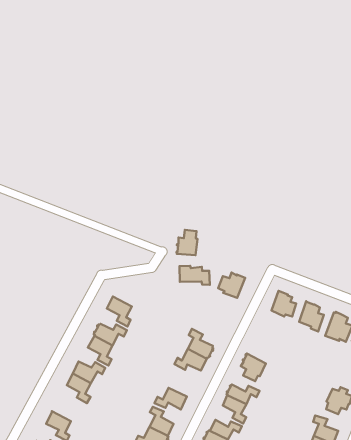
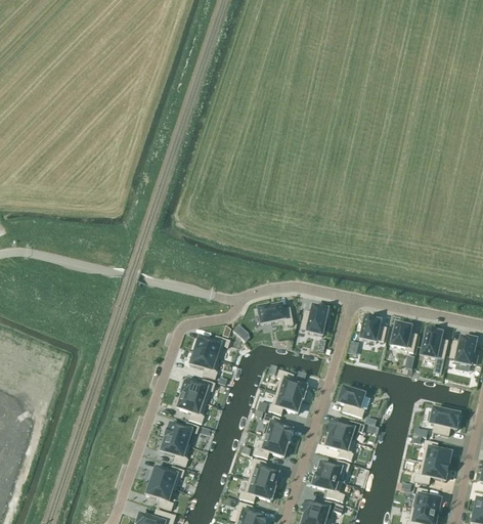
building: [176,230,197,255] -> none
building: none -> [193,335,227,357]
building: none -> [265,414,293,442]
building: none -> [149,466,183,487]

